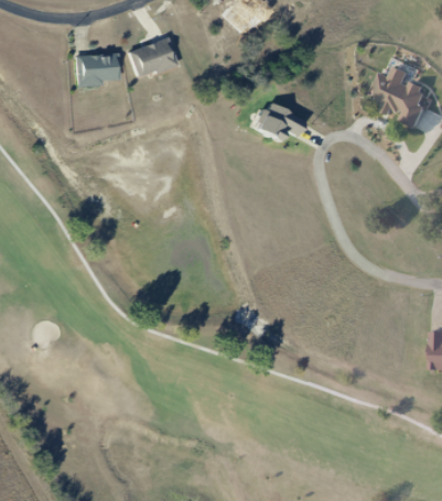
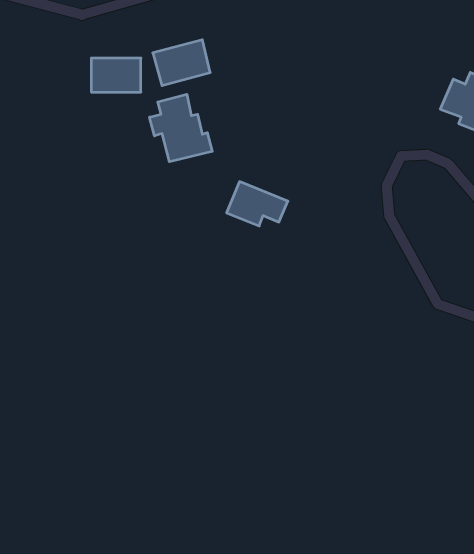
building: none -> [150,94,212,162]
building: [256,102,308,140] -> [227,182,288,226]

